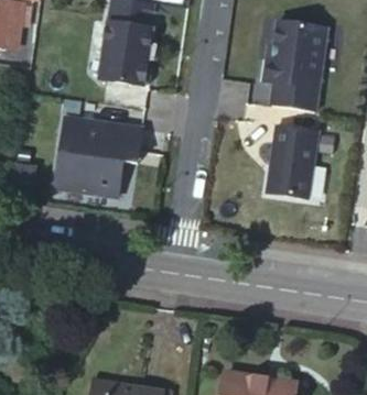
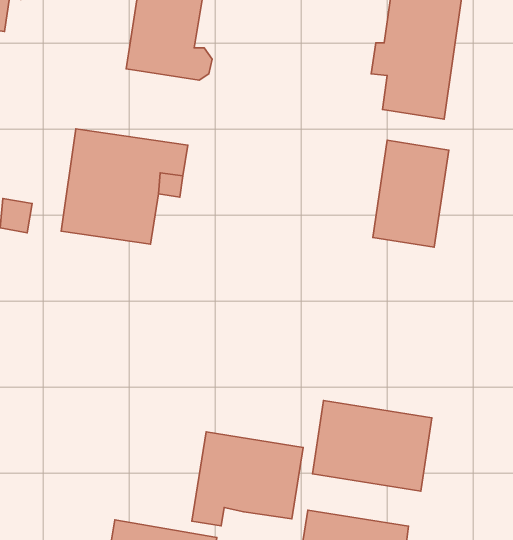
building: none -> [312,401,432,491]
building: none -> [192,432,303,526]

